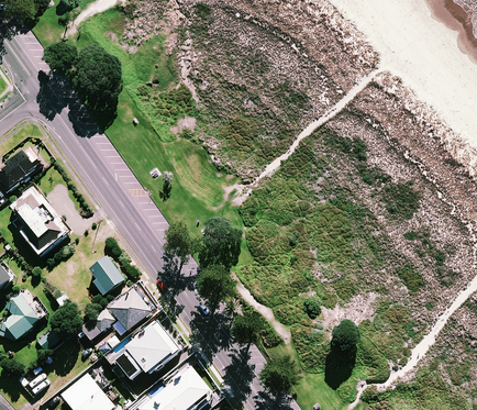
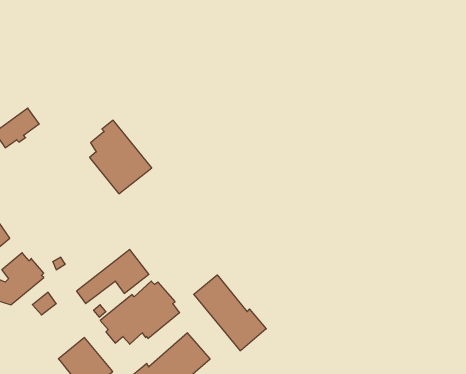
building: [10,184,70,255] -> [90,120,152,194]
building: [90,255,125,295] -> none
building: none -> [194,275,266,351]

